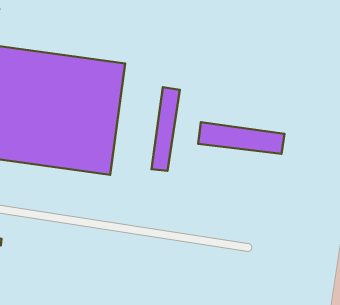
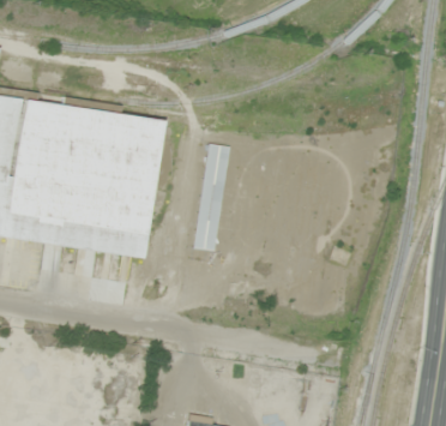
building: [198,122,285,154] -> none

